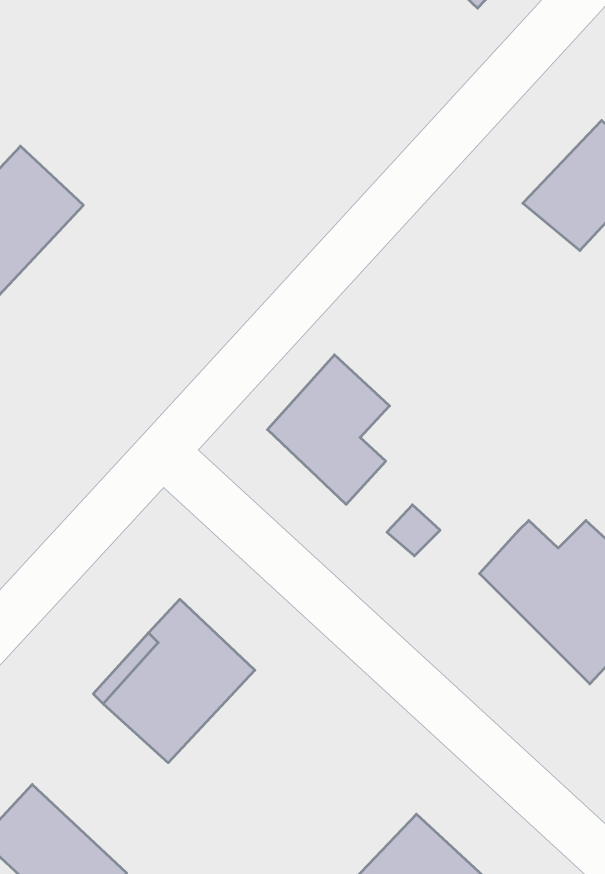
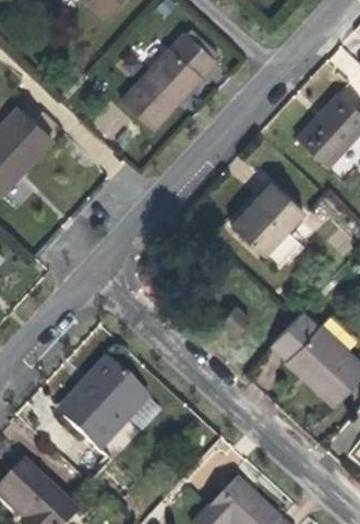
building: none -> [122,33,216,130]
building: [267,355,390,504] -> [235,183,302,266]

